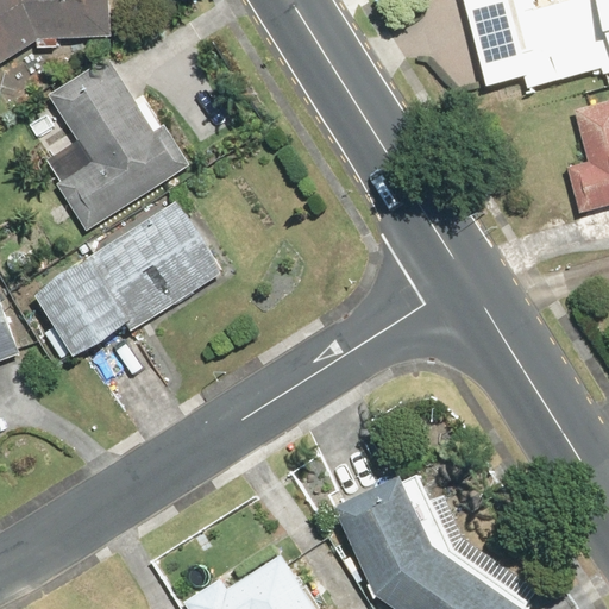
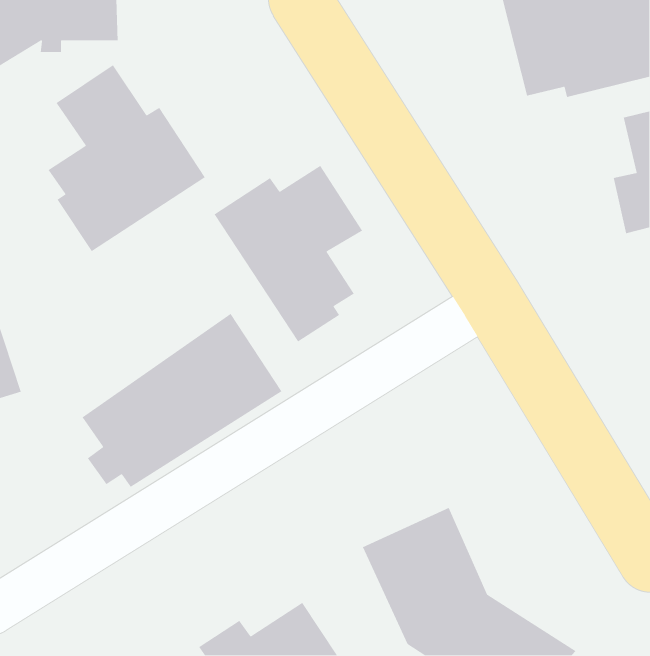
building: none -> [213,165,363,343]
building: [37,199,222,360] -> [82,313,282,488]

